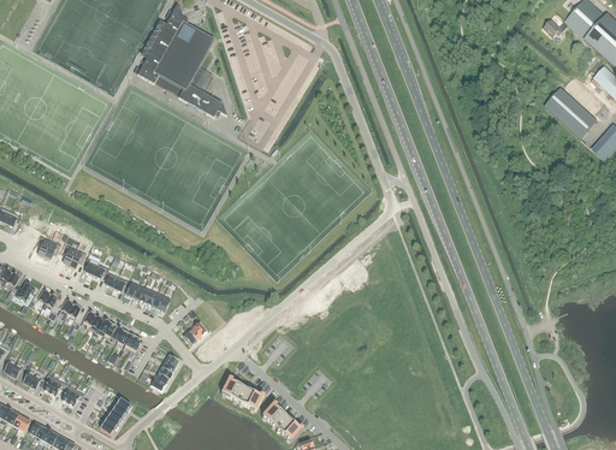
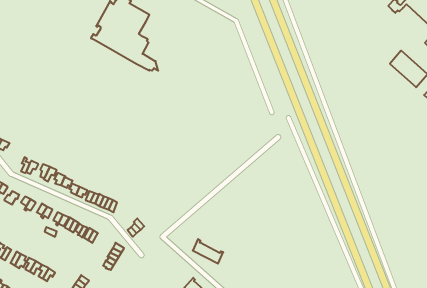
building: [221,375,263,409] -> [193,239,223,264]

